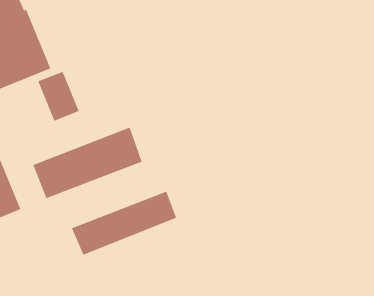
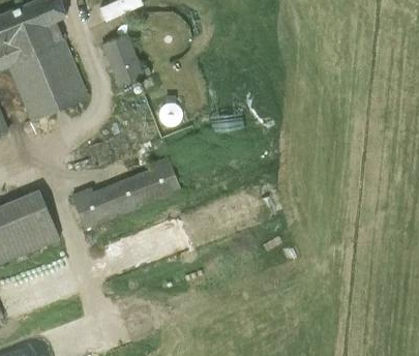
building: [37,71,80,121] -> [100,34,143,85]
building: [71,191,177,255] -> none

